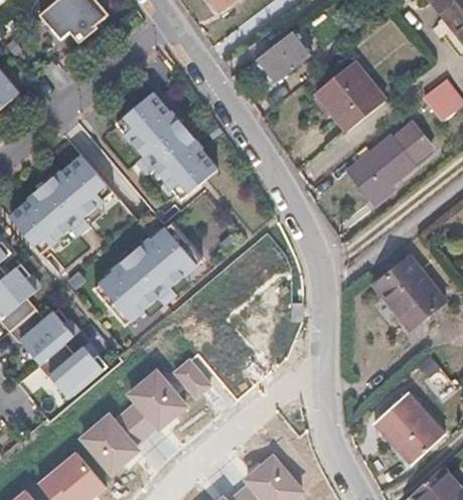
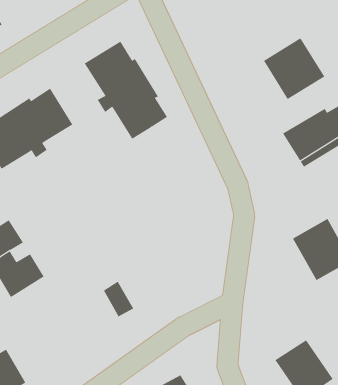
building: [247,31,310,89] -> none
building: [94,222,201,324] -> none
building: [75,367,189,479] -> none

